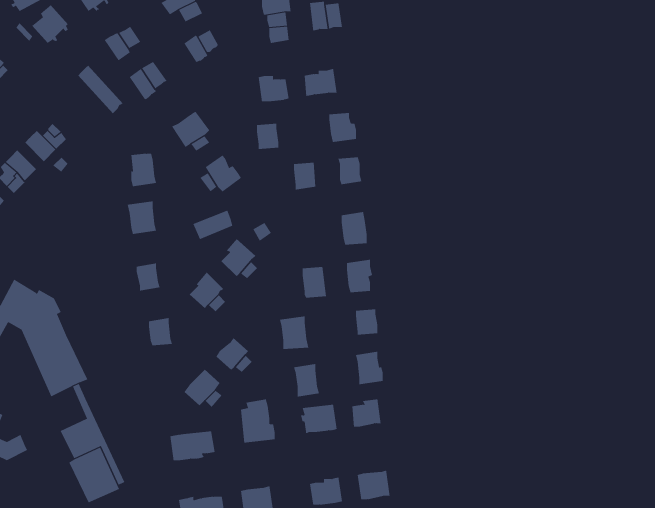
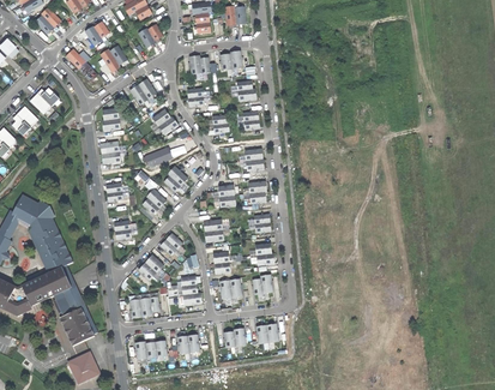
building: none -> [22,266,72,307]

